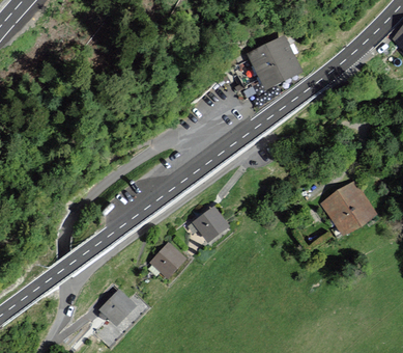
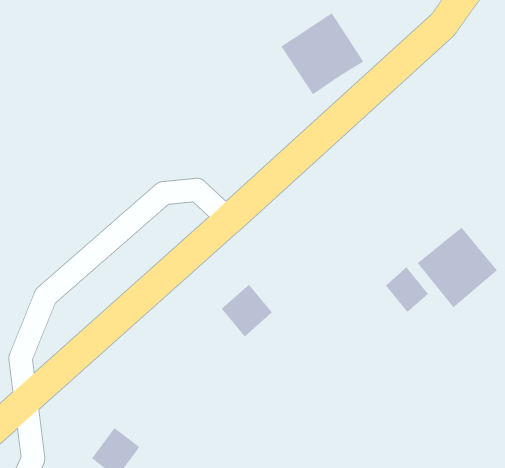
building: none -> [385,267,429,313]
building: [149,242,186,278] -> none

